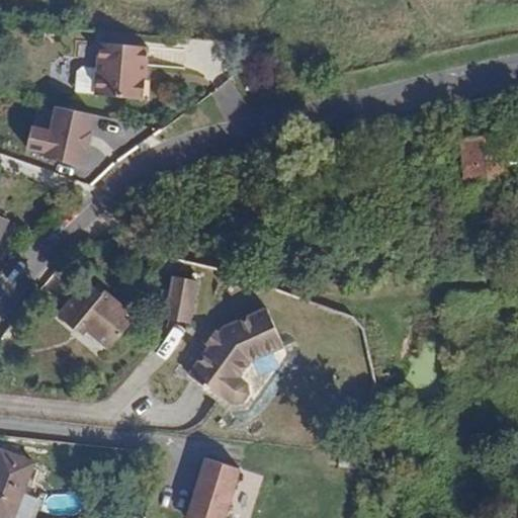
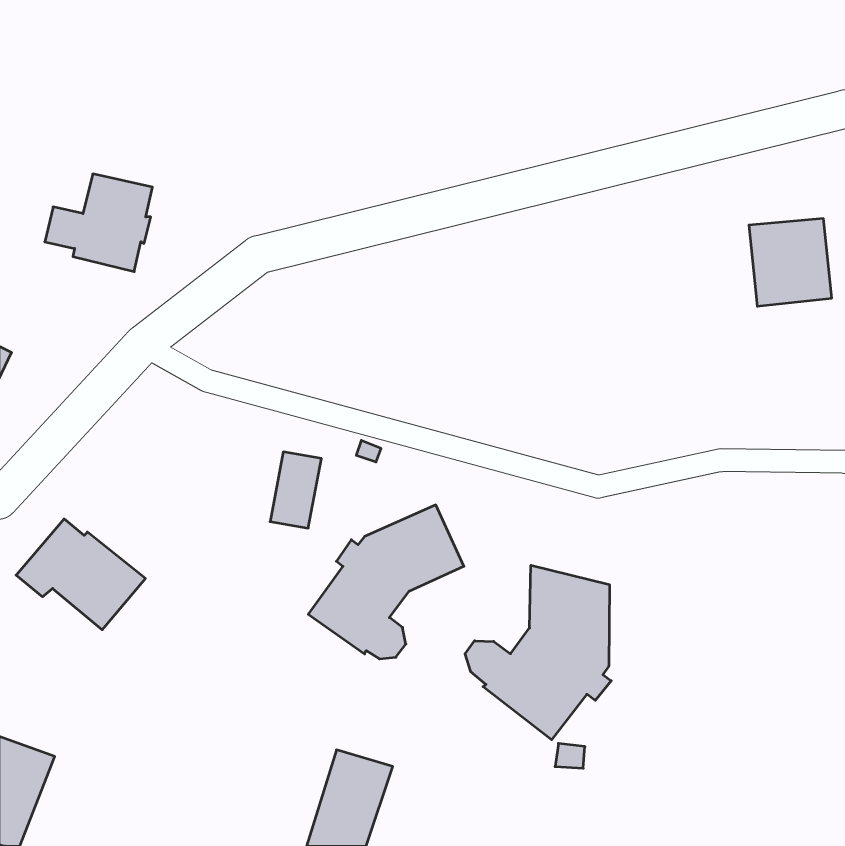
building: [75,45,147,100] -> none
building: [57,281,136,349] -> [16,519,145,630]
building: none -> [465,565,611,740]

